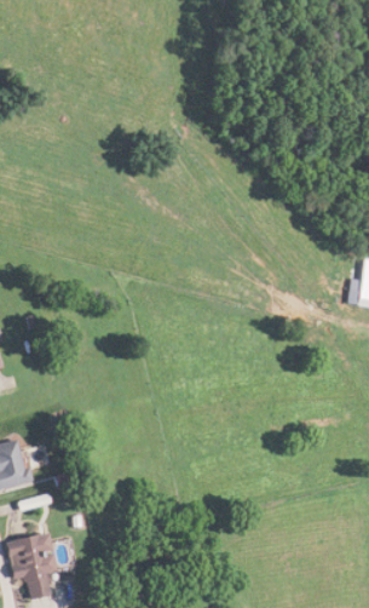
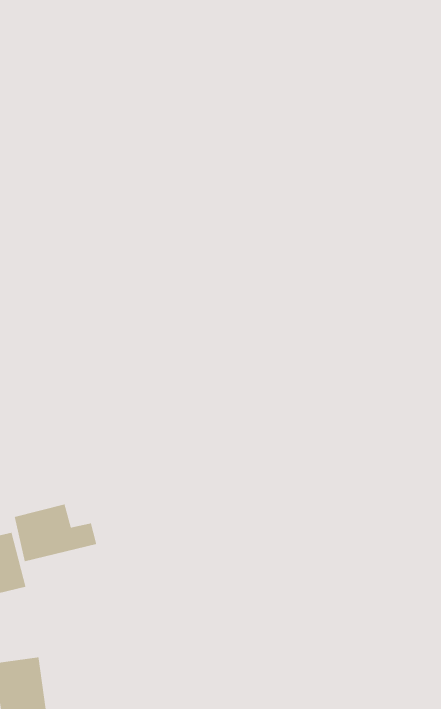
building: none -> [14,504,97,562]

